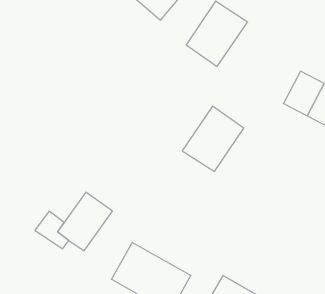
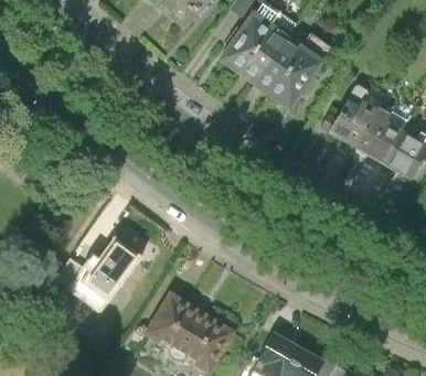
building: [182,106,244,172] -> [264,35,336,111]

